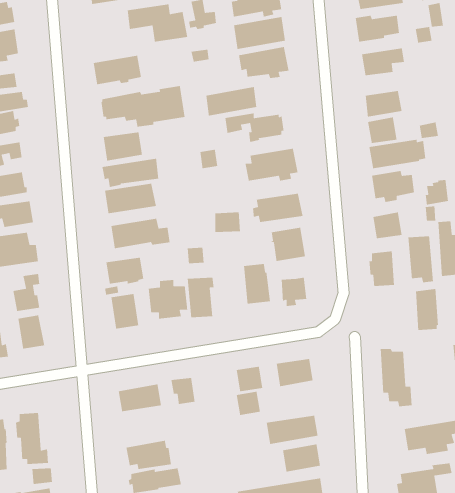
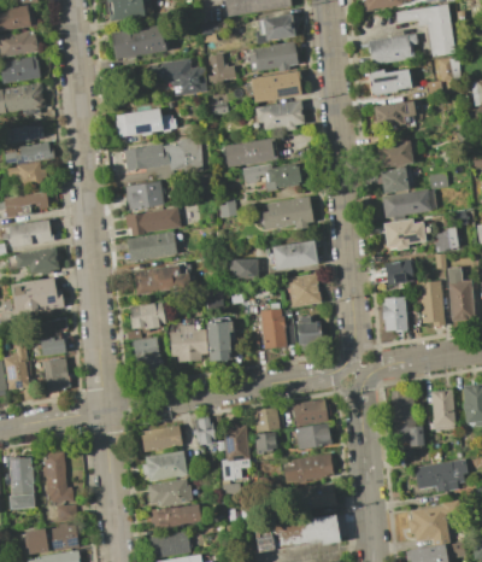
building: [415,288,439,331] -> [431,388,454,429]
building: none -> [295,422,330,449]
building: none -> [221,425,249,480]
building: none -> [141,450,187,480]

